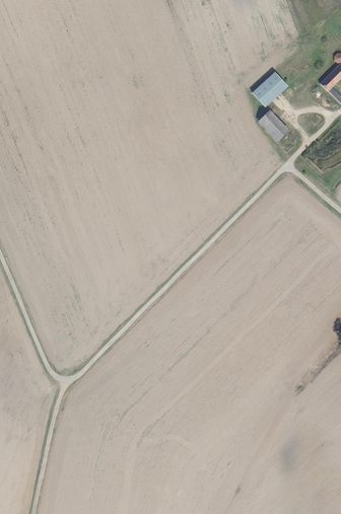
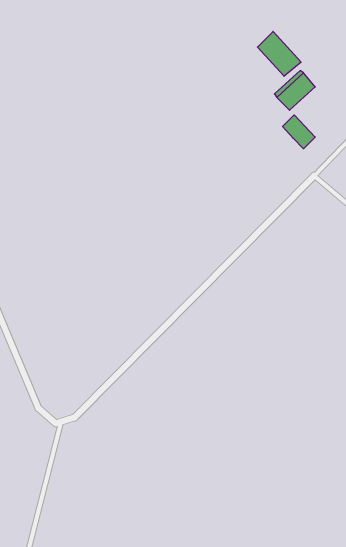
building: none -> [257,31,301,76]

